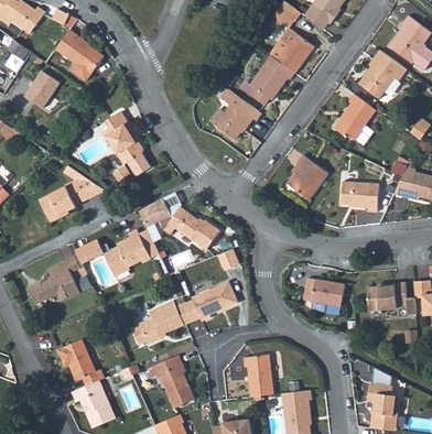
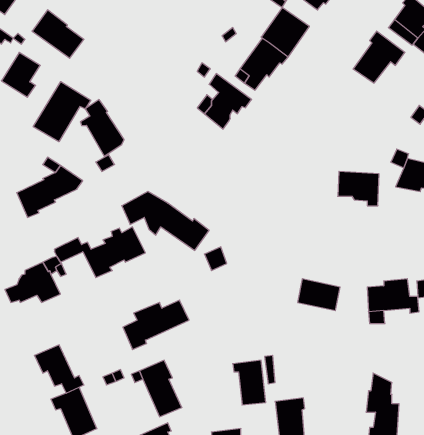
building: [332,91,372,140] -> none
building: none -> [33,82,91,142]
building: [285,153,326,196] -> none
building: [192,282,238,322] -> none

